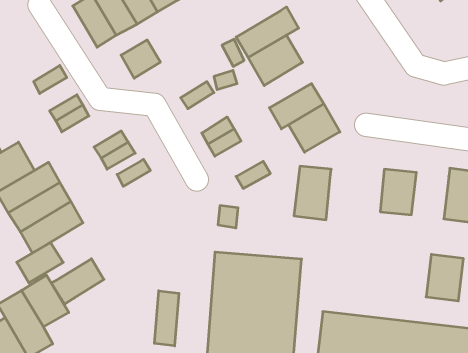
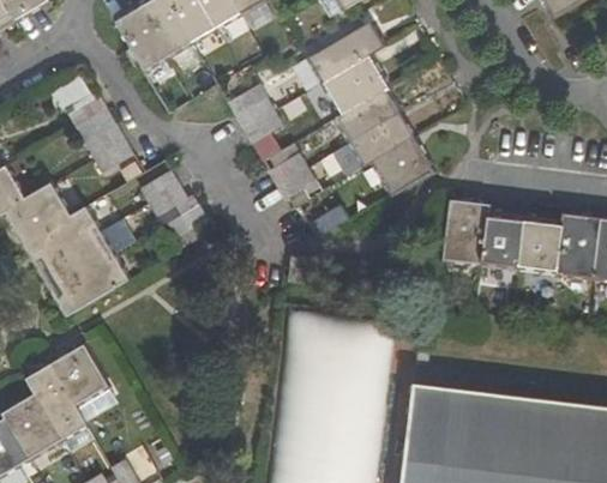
building: [121,40,160,78] -> [228,85,275,131]
building: none -> [335,90,399,143]
building: [294,166,331,220] -> [443,203,487,266]
building: [17,243,63,283] -> none
building: [426,254,463,301] -> [518,219,563,274]
building: [51,259,104,304] -> none
building: [154,291,179,346] -> none

